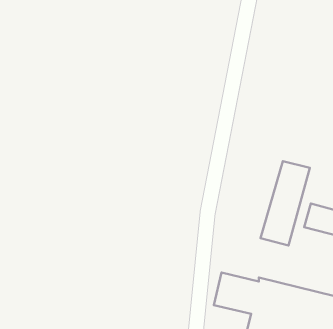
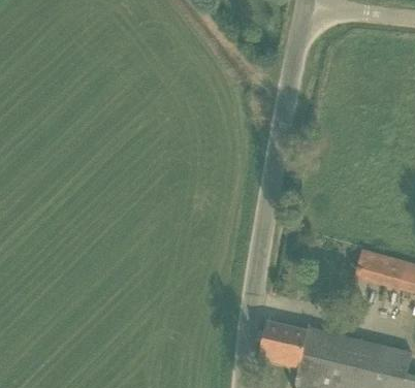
building: [261,161,310,245] -> none

